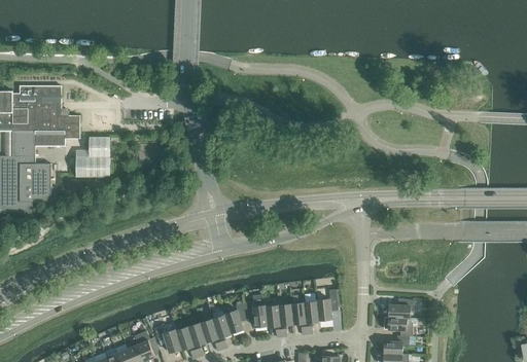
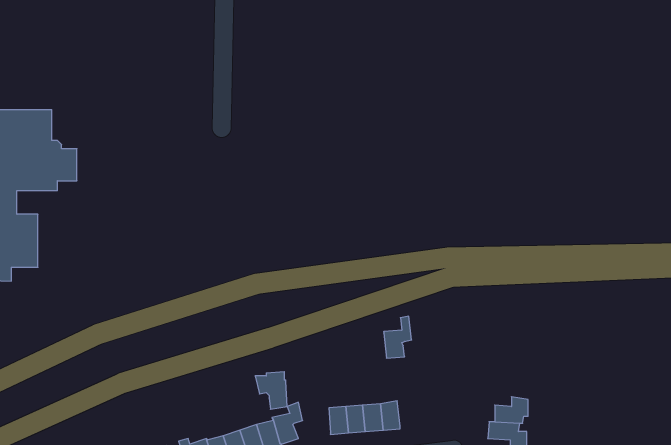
building: [75,137,109,177] -> none
building: [316,289,337,320] -> [384,316,412,358]
building: [243,299,267,327] -> [255,372,287,409]

